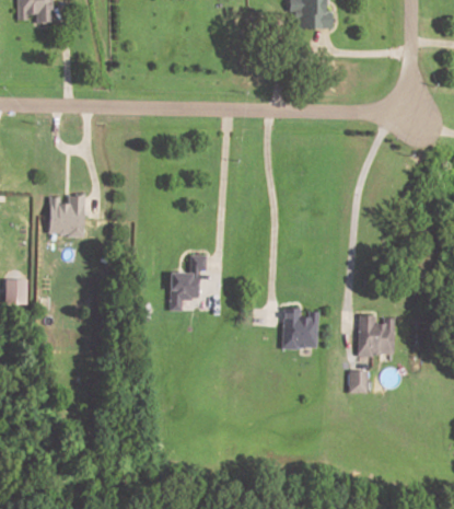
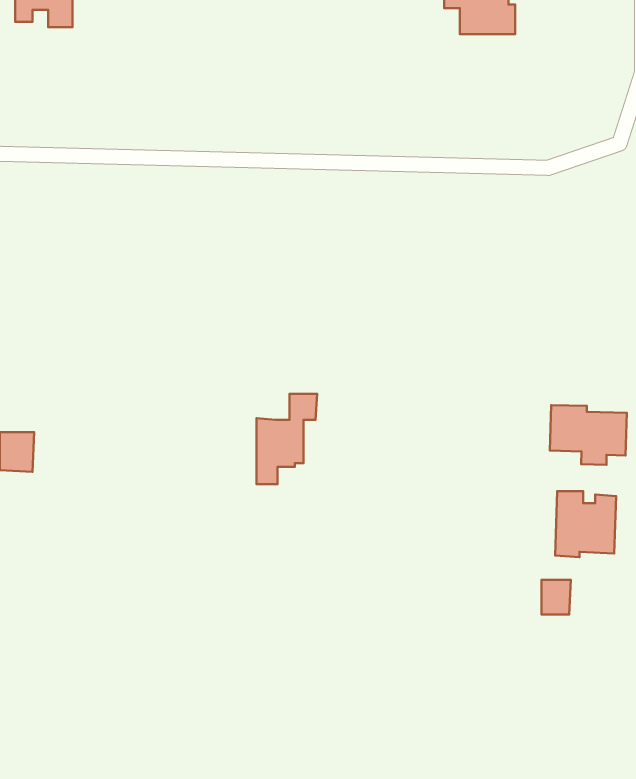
building: [47,195,84,238] -> none
building: none -> [550,405,627,465]
building: [281,308,318,349] -> none

